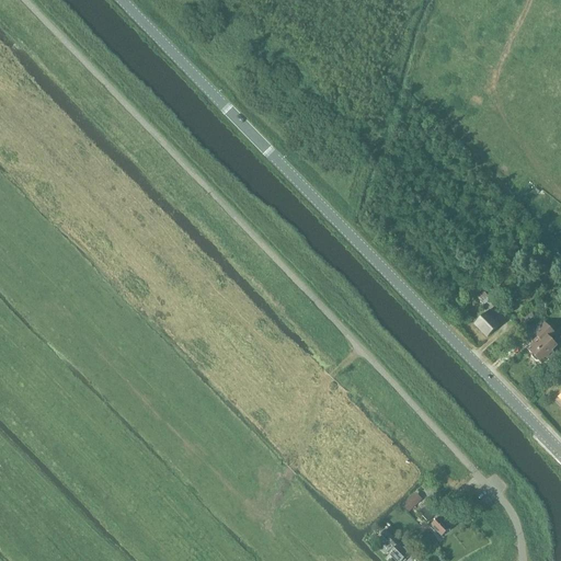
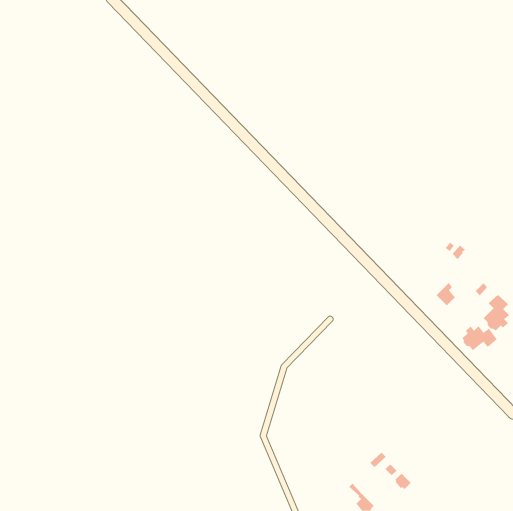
building: none -> [462,326,497,351]

